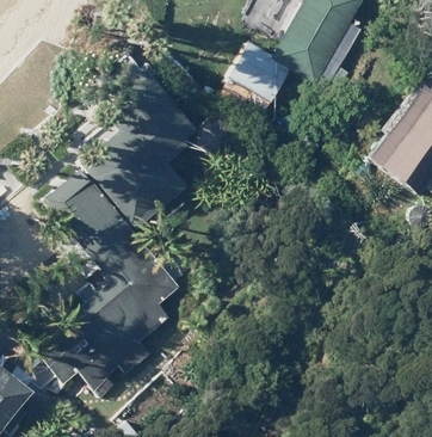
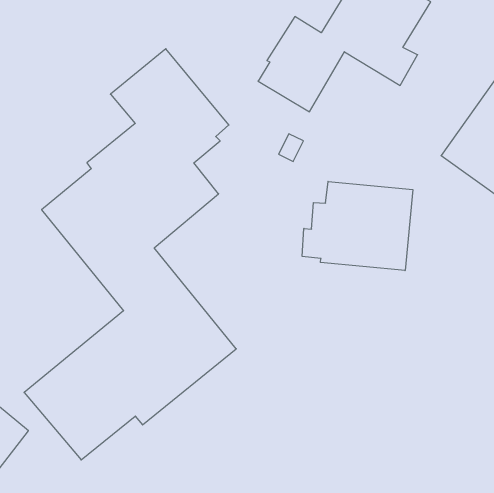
building: none -> [302,181,413,271]

